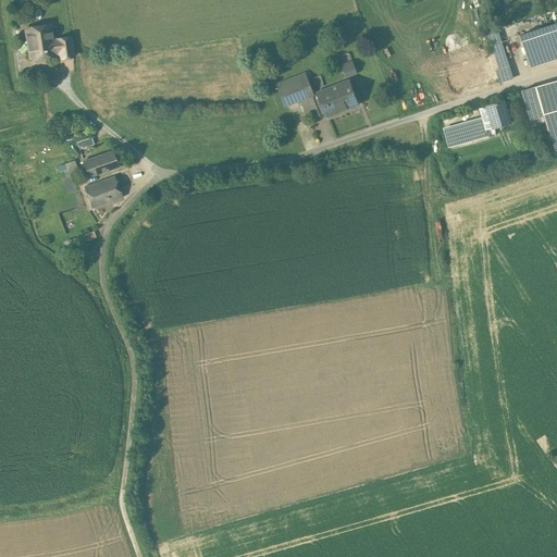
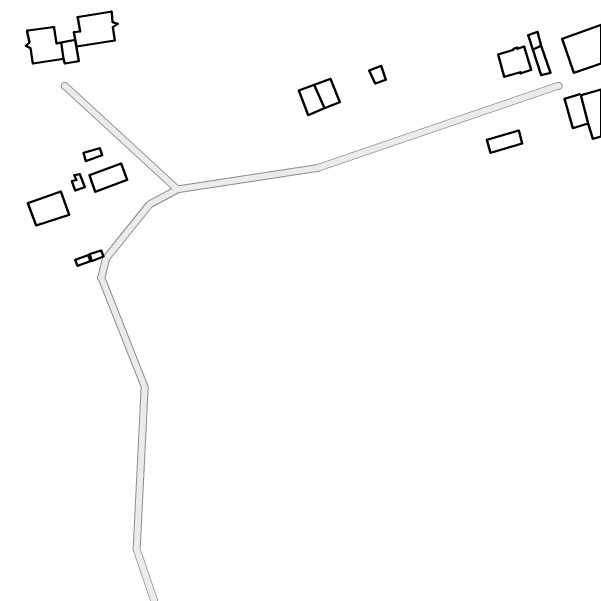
building: none -> [74,12,118,47]
building: [318,82,358,115] -> none
building: [480,101,510,129] -> [498,46,531,77]
building: [84,176,122,208] -> [28,191,69,225]

